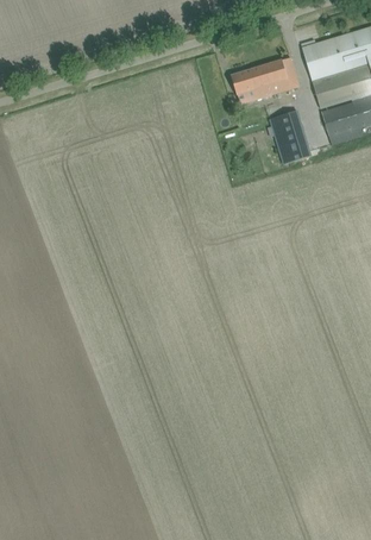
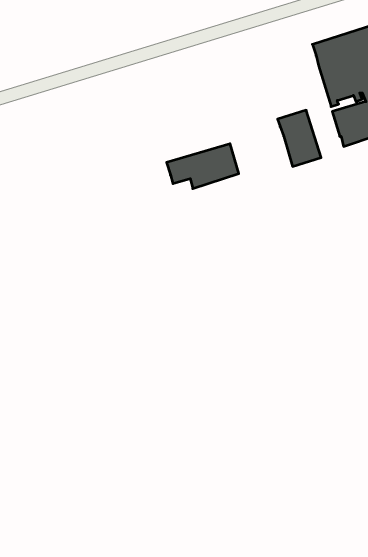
building: [229,57,298,100] -> [167,144,239,189]

